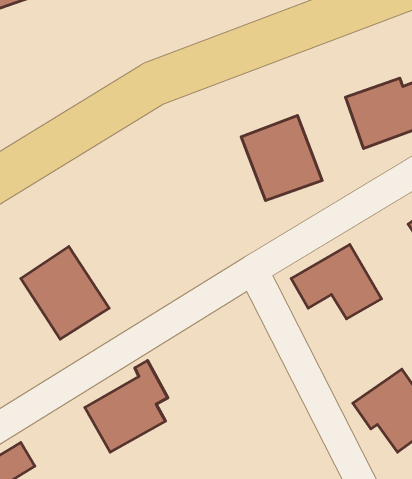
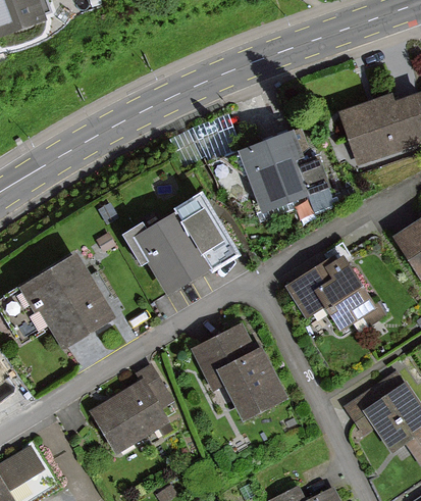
building: none -> [120,198,233,293]
building: none -> [195,323,287,418]

